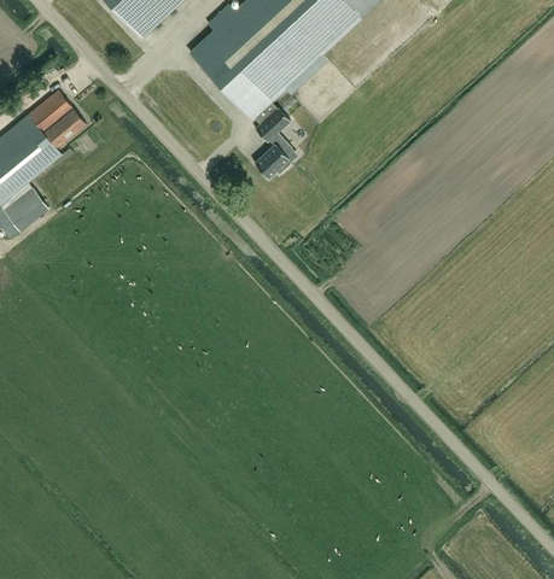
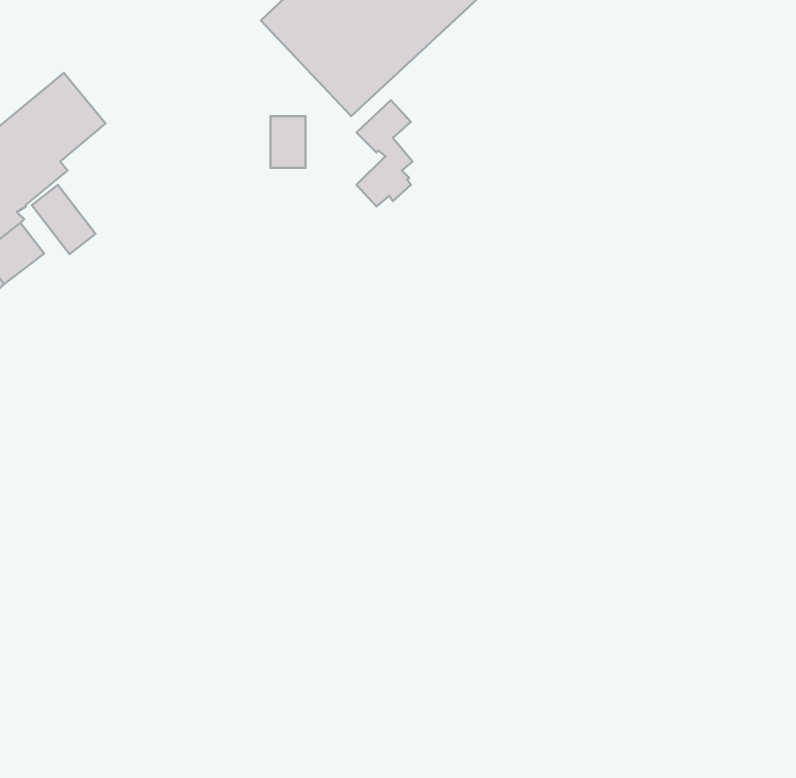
building: none -> [270,116,306,168]
building: none -> [32,185,96,254]

